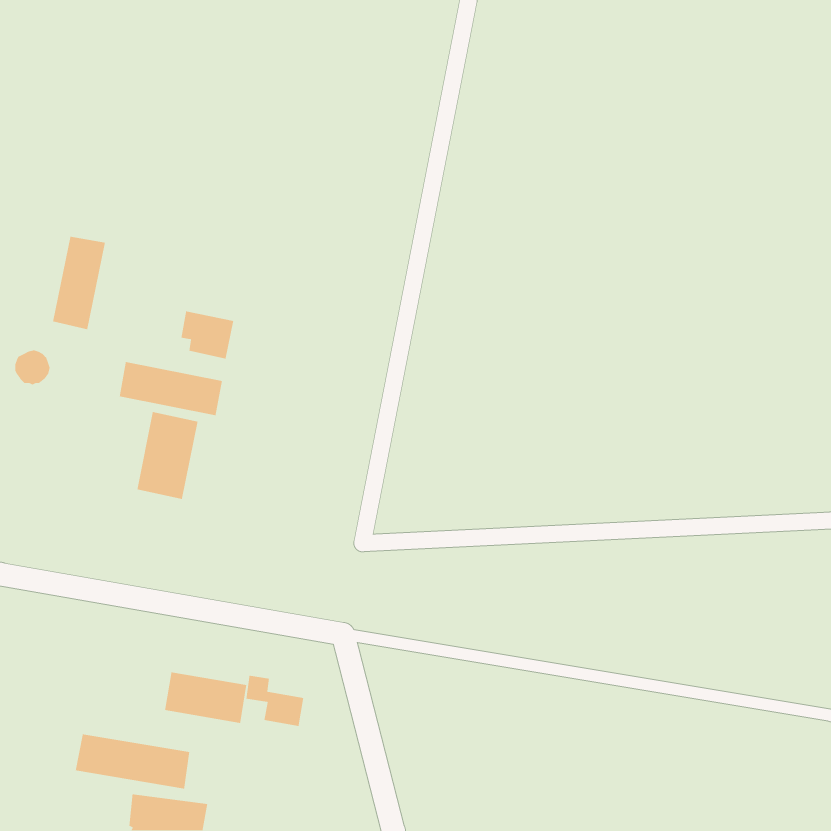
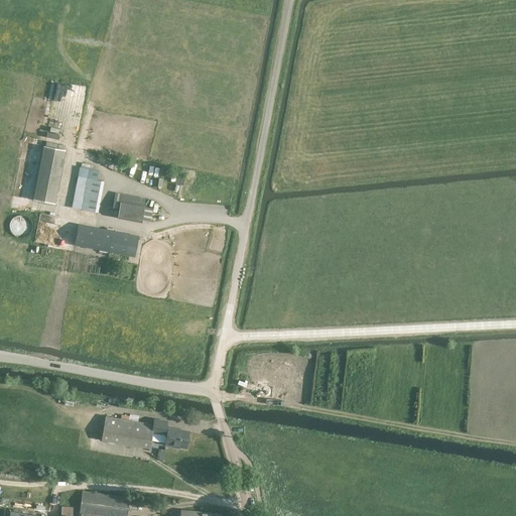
building: none -> [72,163,104,213]
building: [136,411,198,500] -> none
building: [75,734,190,790] -> none

